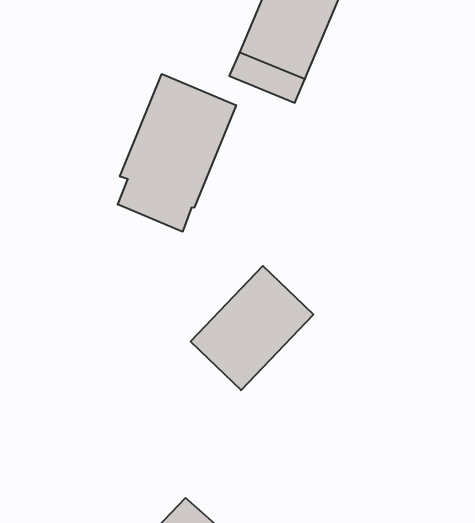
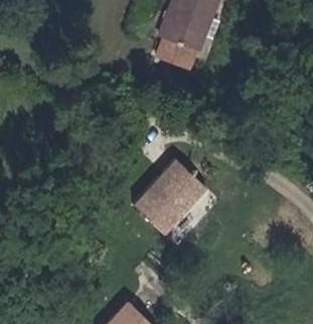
building: [118,74,236,232] -> none

